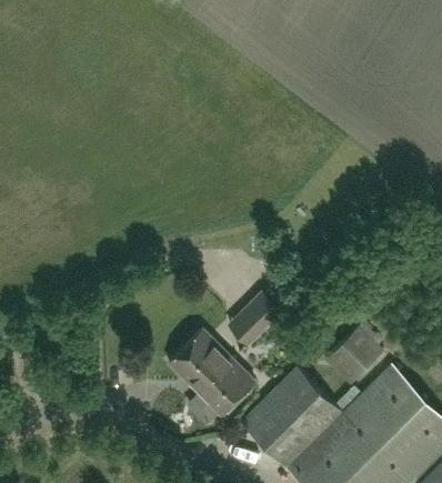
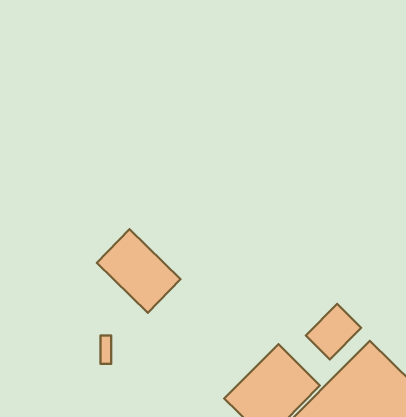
building: [228,293,279,344] -> none
building: [167,329,252,414] -> [97,229,181,313]

